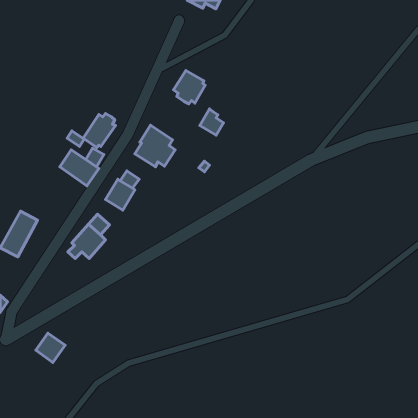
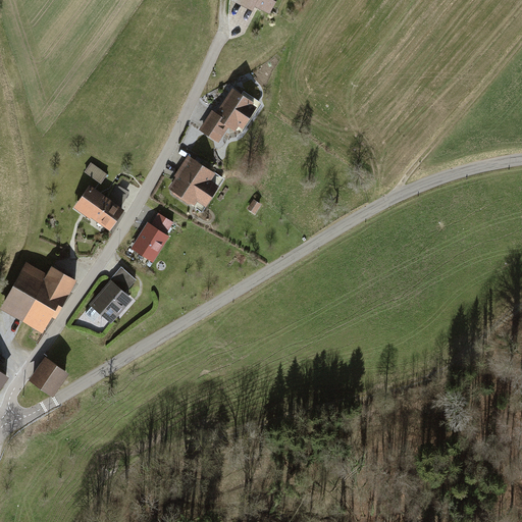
building: [200,109,224,135] -> [200,109,229,142]
building: [83,113,115,148] -> none
building: none -> [22,265,76,333]
building: [36,333,65,362] -> [31,356,67,393]

